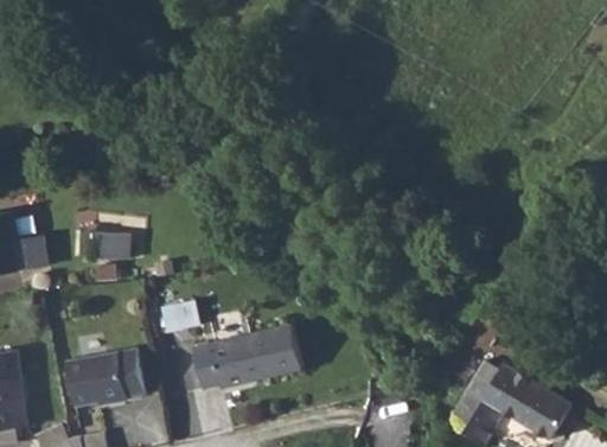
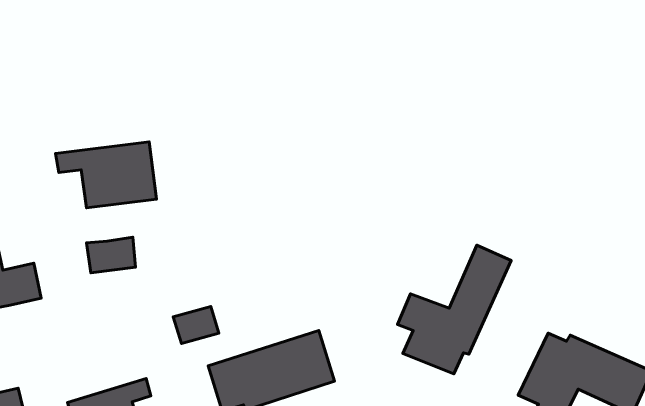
building: none -> [55,142,156,208]
building: none -> [398,245,511,374]

